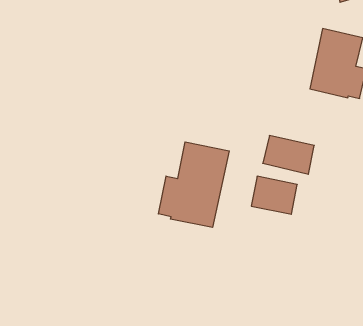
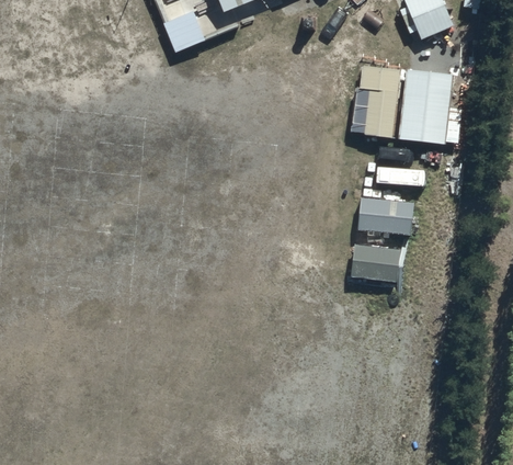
building: none -> [361,65,399,135]
building: [158,142,229,227] -> none

